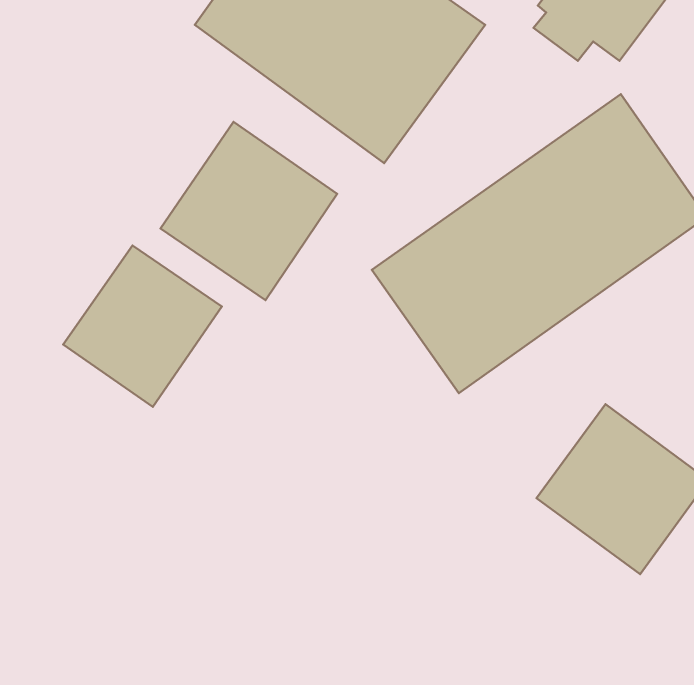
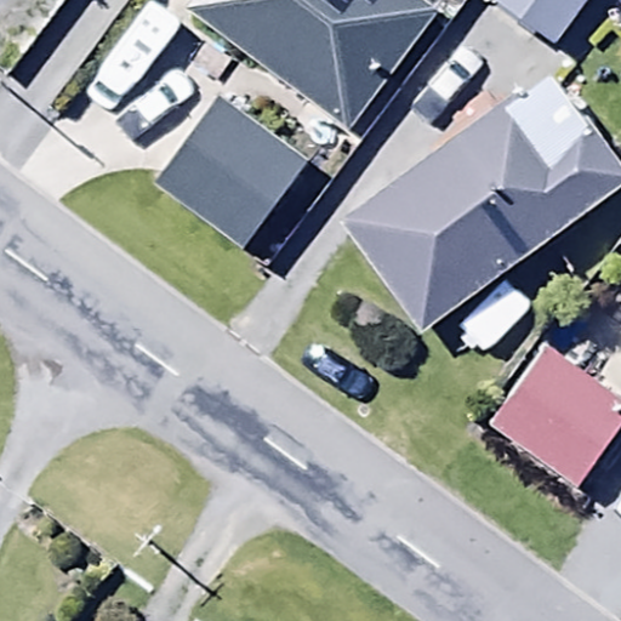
building: [63,246,222,407] -> none

